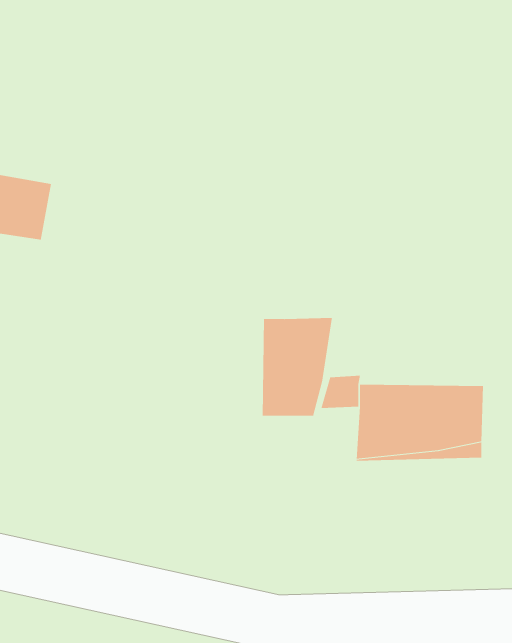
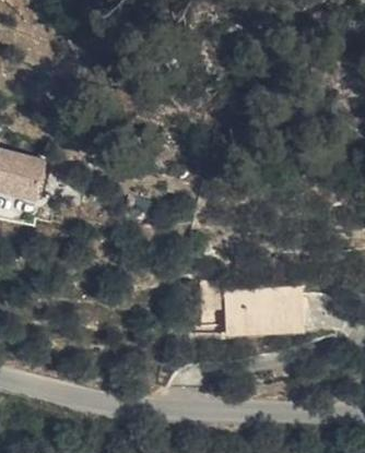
building: [262,317,333,417] -> none

